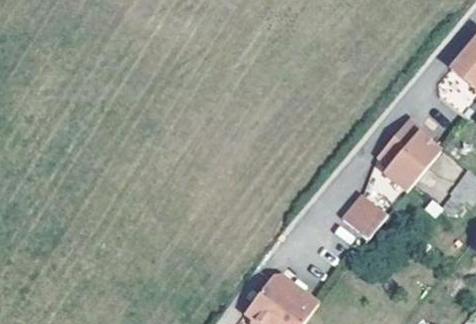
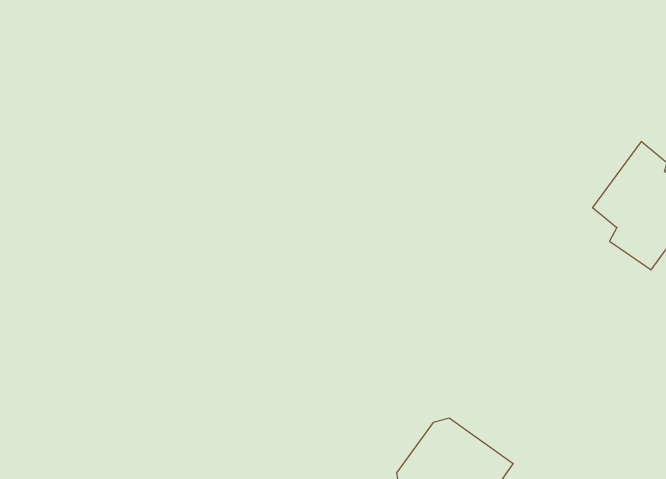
building: [343,195,391,241] -> none

